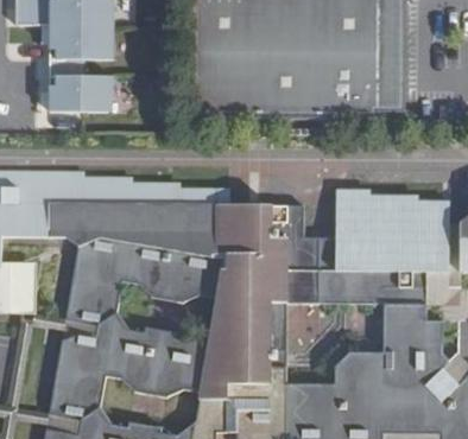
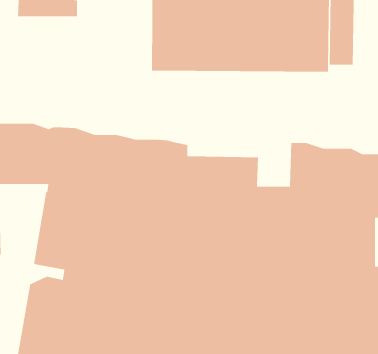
building: [48,59,113,113] -> none

